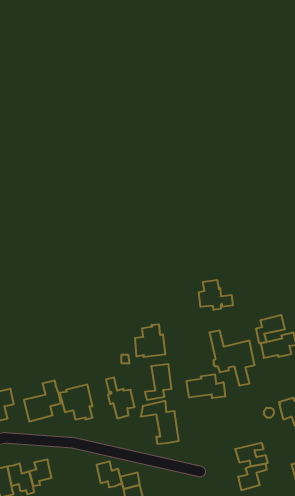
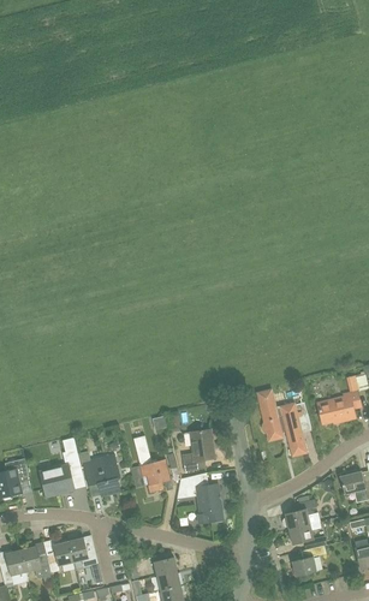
building: [199,280,233,310] -> none
building: [256,315,285,343] -> none
building: [135,324,165,357] -> none
building: [187,374,225,398] -> none
building: none -> [282,499,319,529]
building: [97,462,122,487] -> [67,537,97,567]

